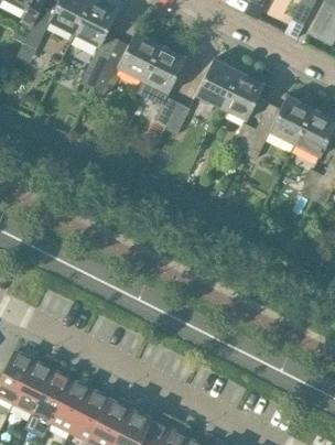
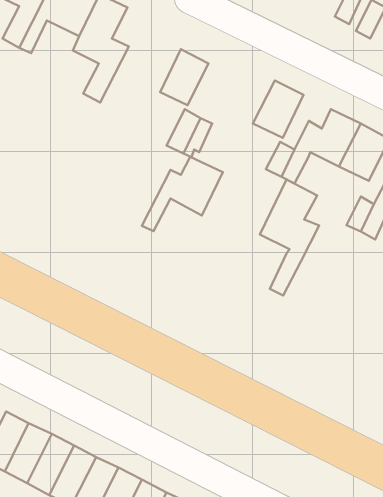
building: [94,32,162,95] -> [142,157,223,231]
building: [197,58,241,108] -> none
building: none -> [260,179,319,296]

